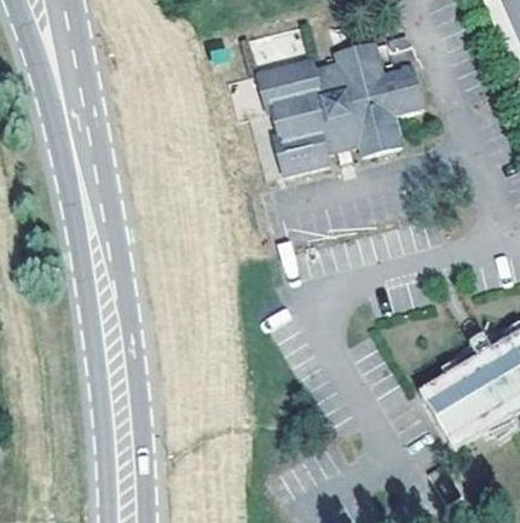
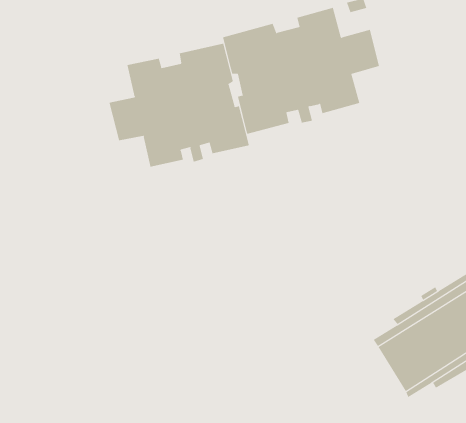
building: none -> [109,43,249,167]

